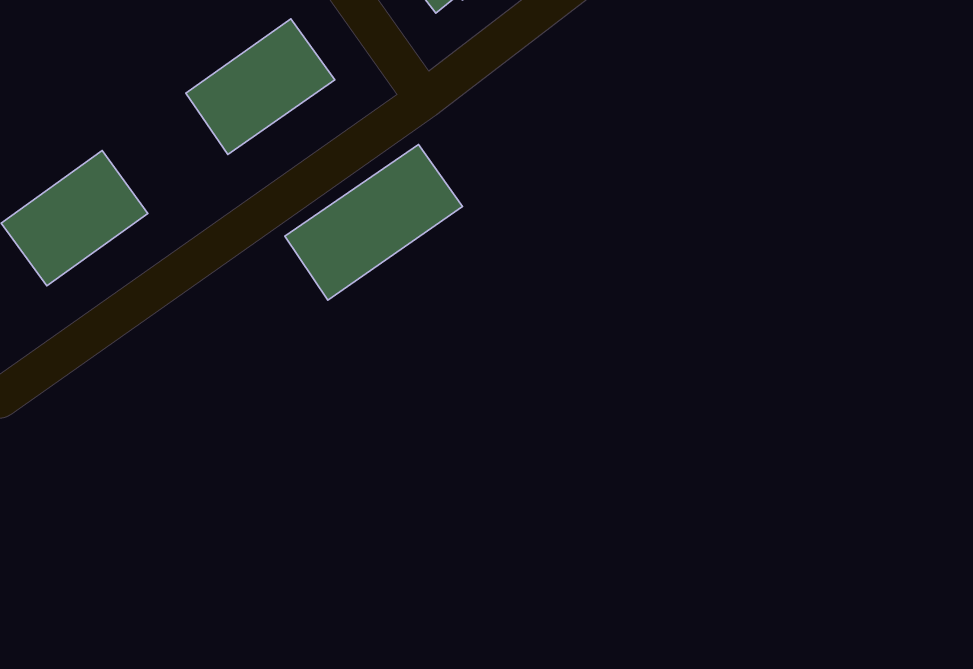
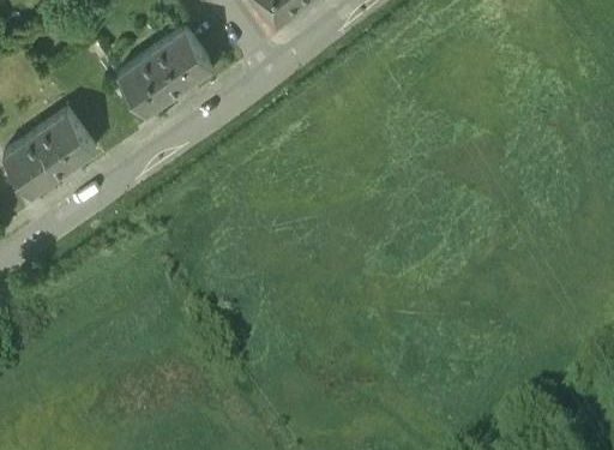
building: [285,144,463,300] -> none

